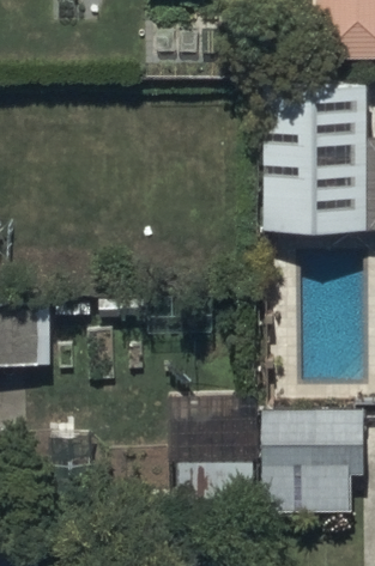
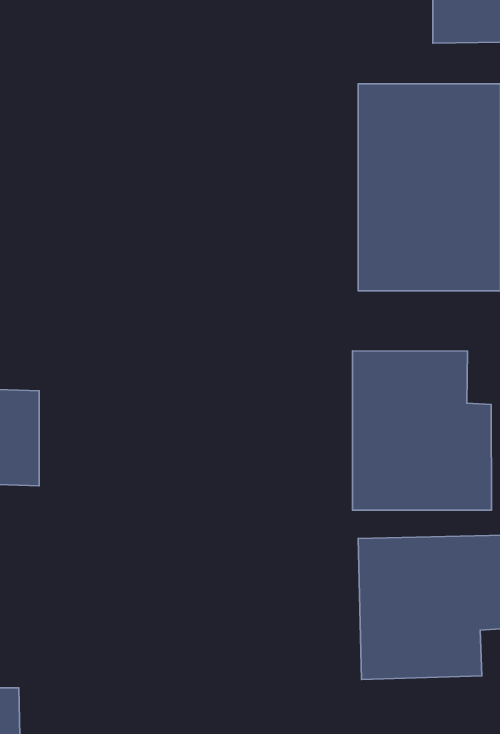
building: none -> [353,351,492,510]

